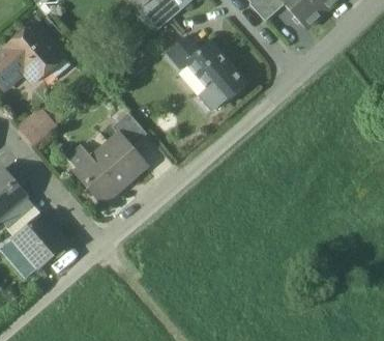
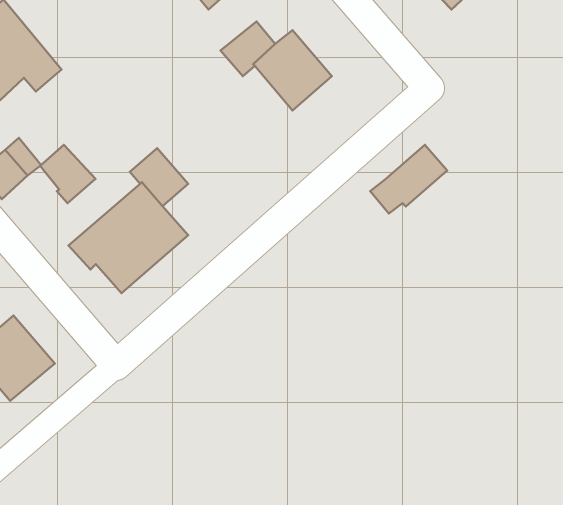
building: [201,69,247,111] -> [370,145,447,213]
building: none -> [40,145,95,203]

